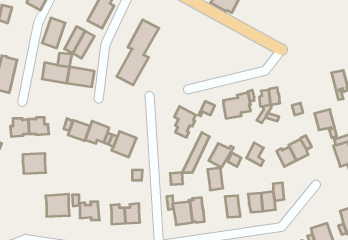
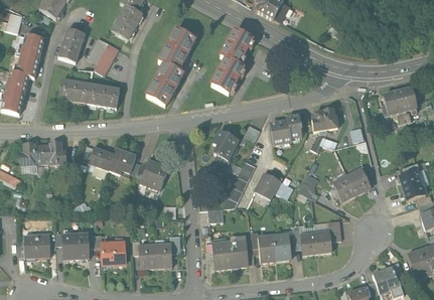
building: none -> [211,28,251,93]
building: none -> [16,34,43,77]
building: [314,109,337,138] -> [379,91,405,124]
building: [23,154,46,173] -> [23,235,50,258]
building: [208,168,223,190] -> [257,236,275,262]

